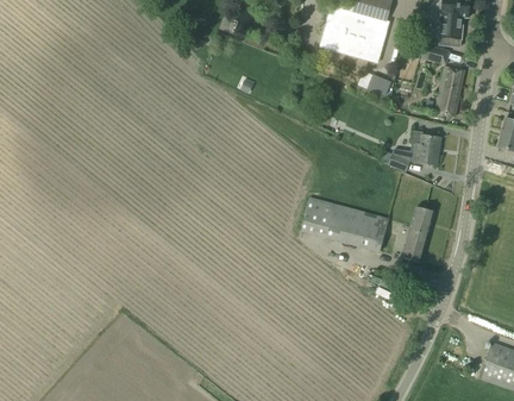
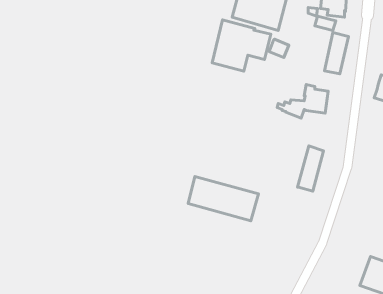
building: none -> [212,20,271,71]
building: [301,196,388,251] -> [188,177,258,221]

